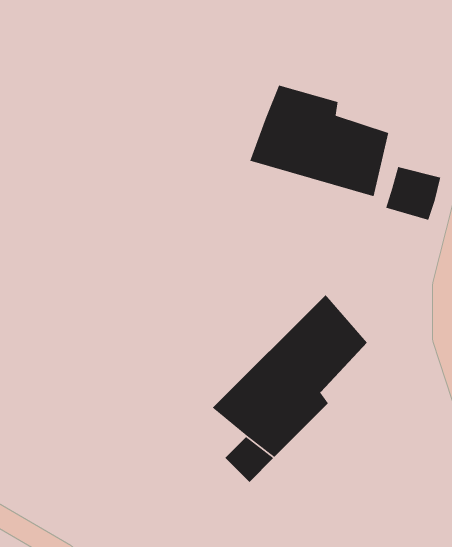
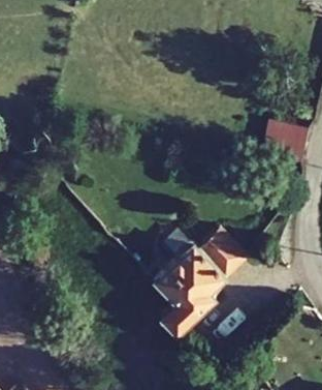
building: [249,84,389,197] -> none

